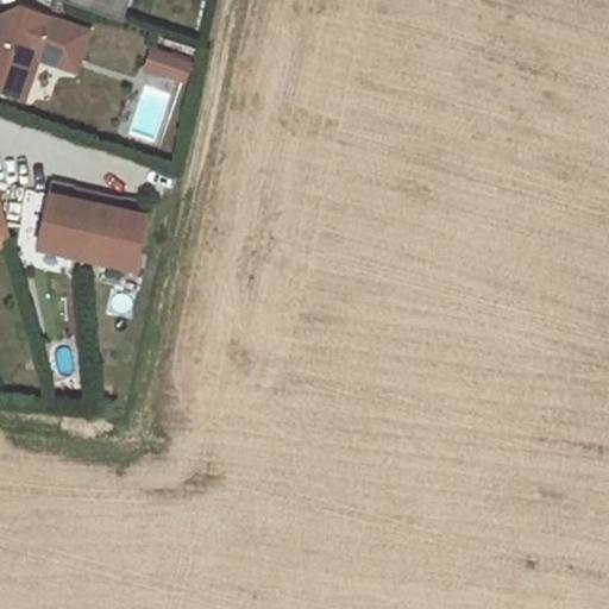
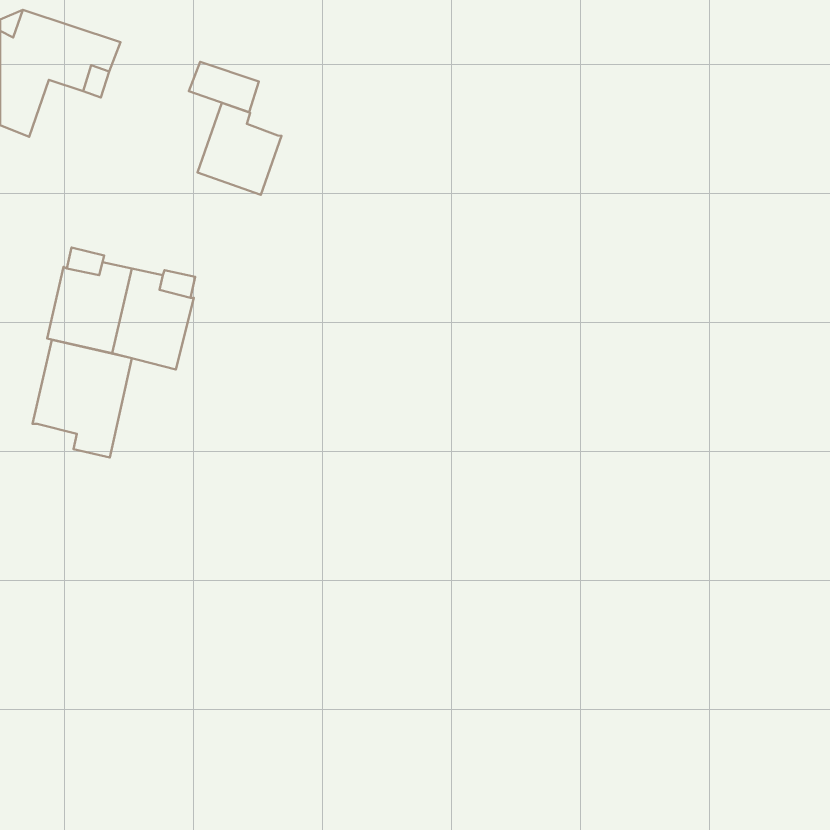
building: none -> [198,103,281,195]
building: none -> [33,340,132,458]

